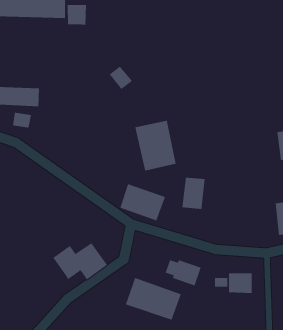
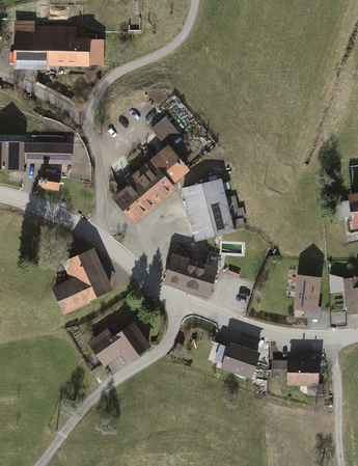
building: [67,4,87,25] -> none
building: none -> [109,148,186,225]
building: [182,177,206,209] -> [295,273,323,310]
building: none -> [50,247,113,316]
building: [125,277,181,321] -> none

